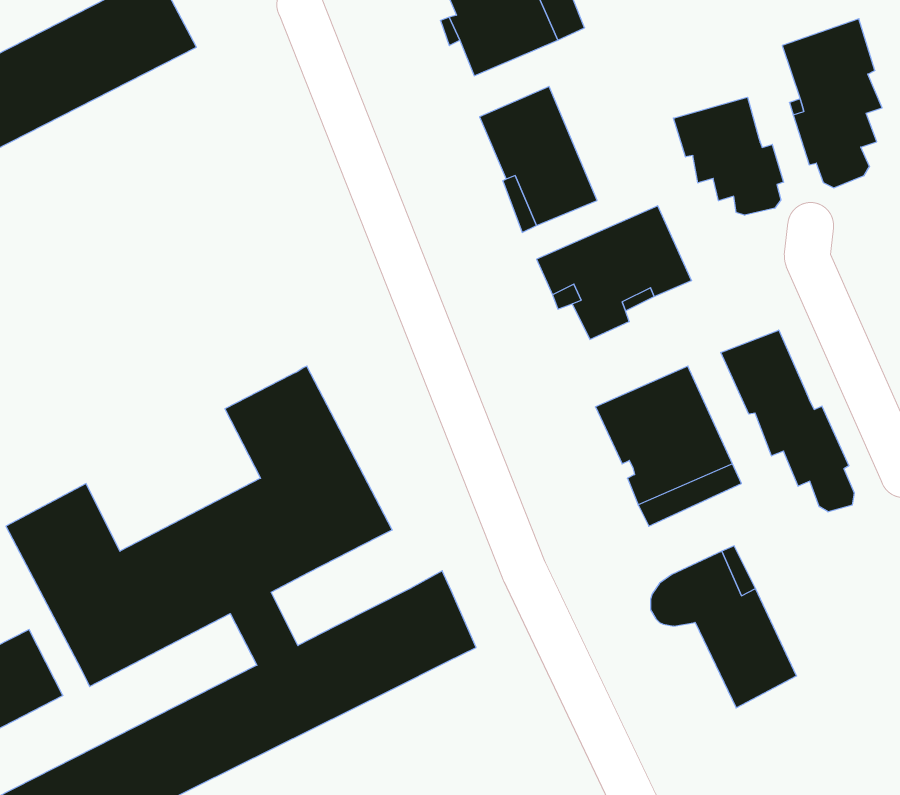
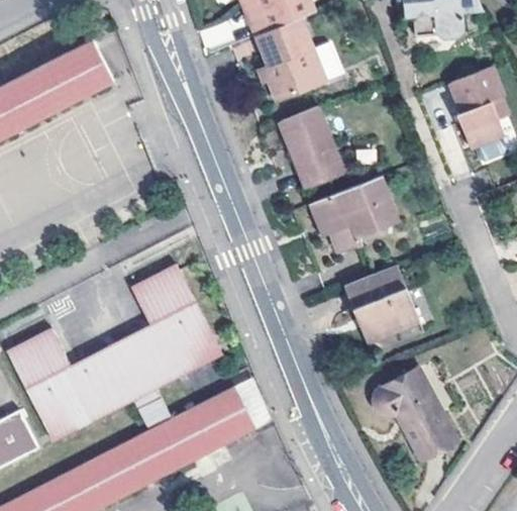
building: [673,97,784,215] -> none
building: [721,330,854,512] -> none

